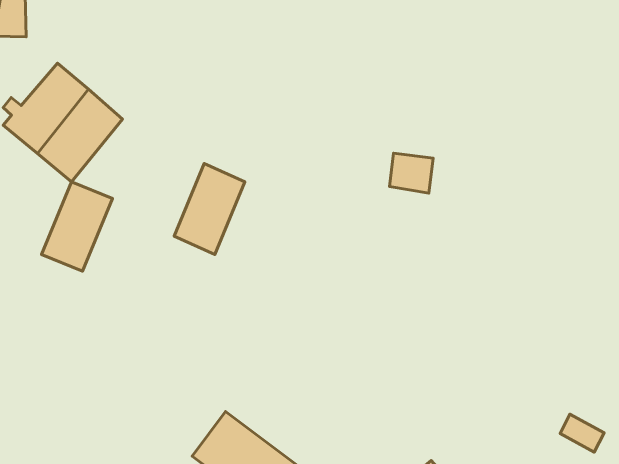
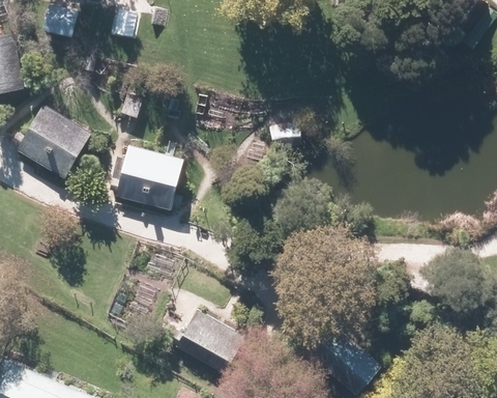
building: [42,182,112,271] -> [109,146,148,202]

